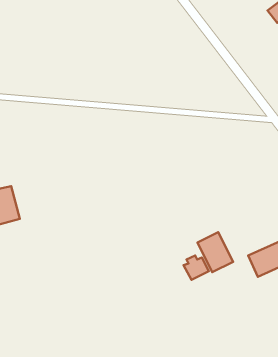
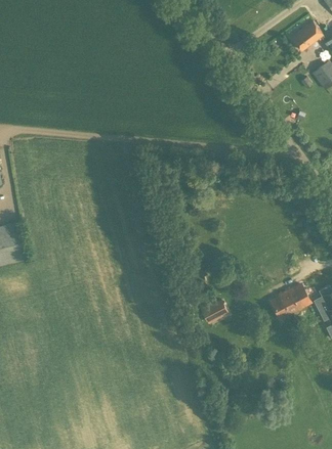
building: [197,232,233,272] -> none

